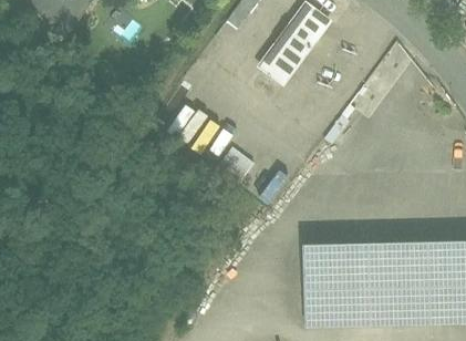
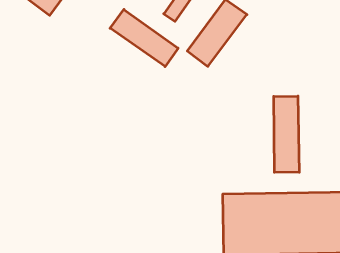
building: none -> [110,9,178,67]
building: none -> [274,96,299,172]

